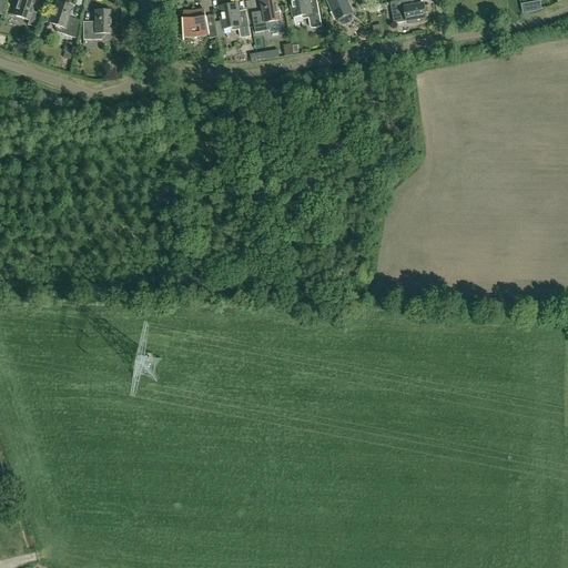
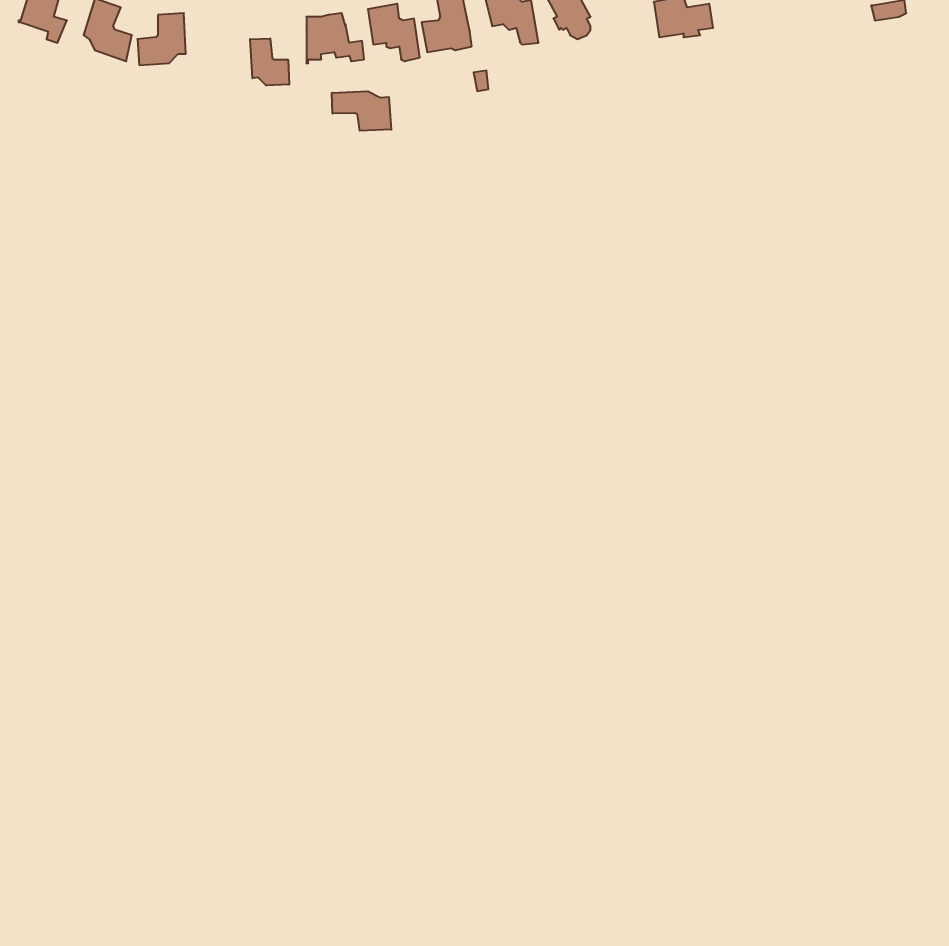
building: none -> [250,38,289,86]
building: none -> [332,91,391,131]

